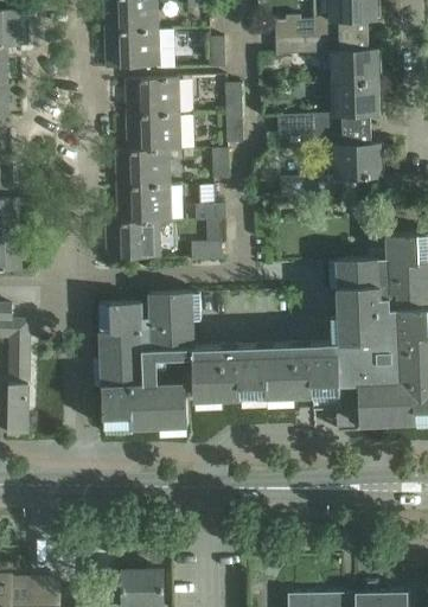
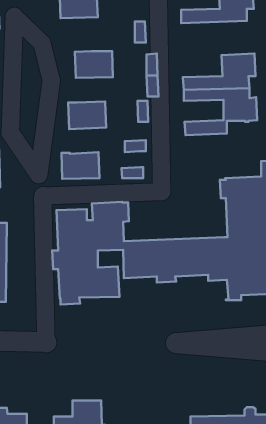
building: [106,30,174,69] -> none
building: [275,36,378,84] -> none
building: [127,115,180,151] -> none
building: [117,186,171,223] -> none

